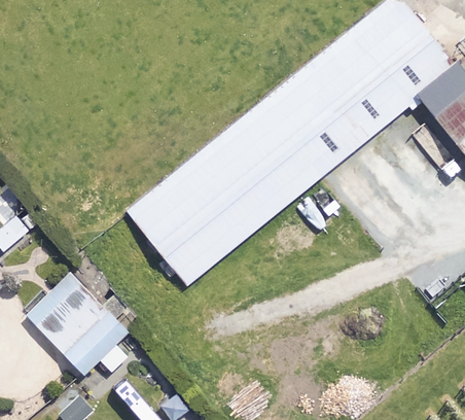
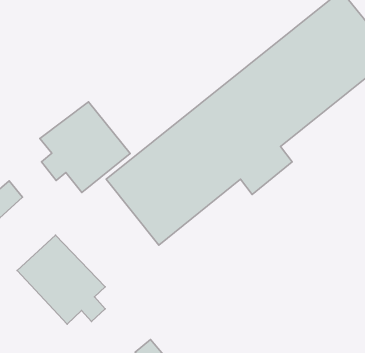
building: none -> [40,102,130,192]

